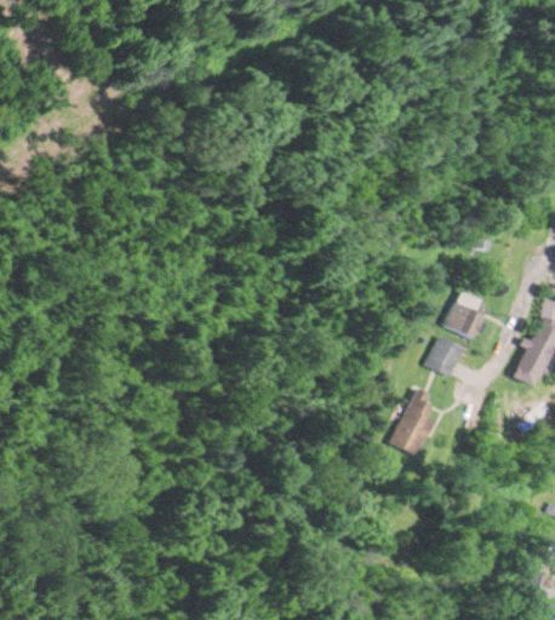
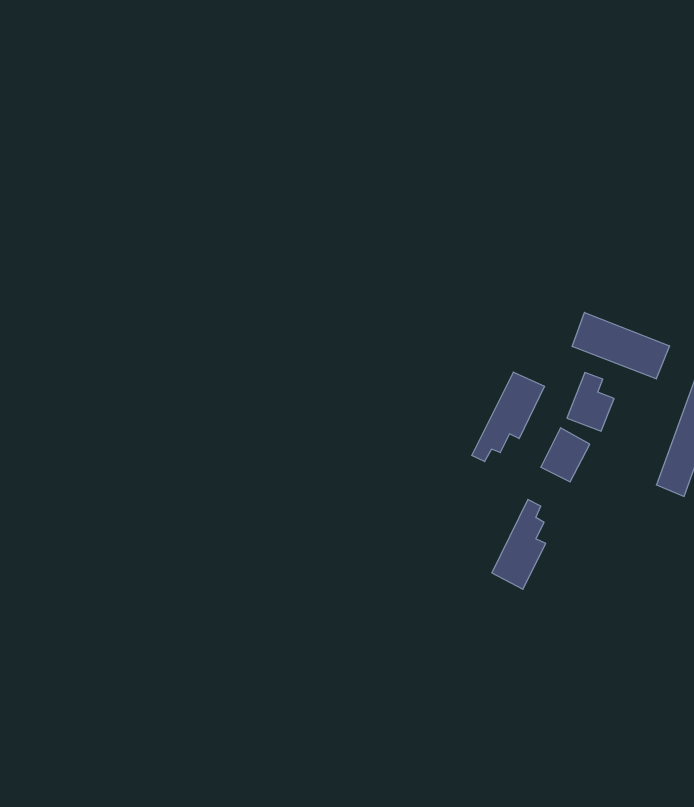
building: none -> [572,312,669,379]
building: none -> [472,372,545,462]

